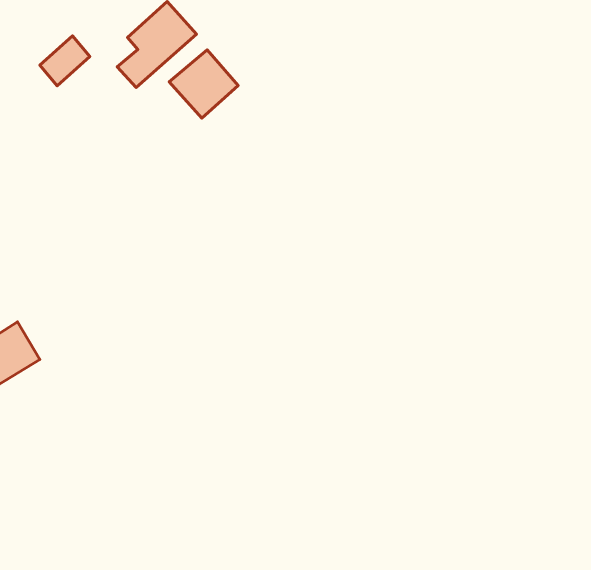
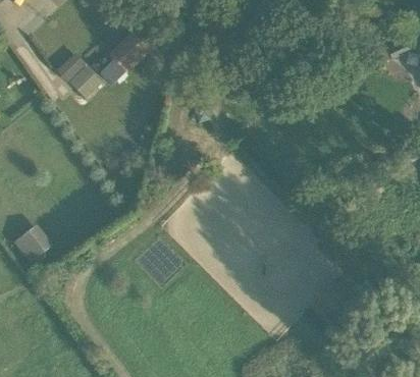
building: [169,50,238,118] -> none
building: none -> [69,65,102,98]

